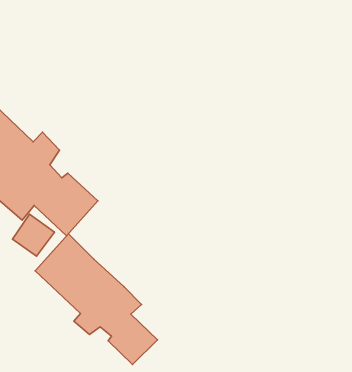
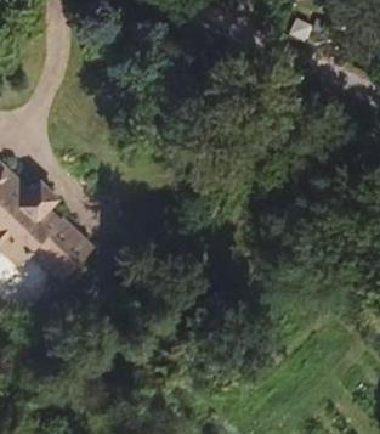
building: [35,234,157,365] -> none

